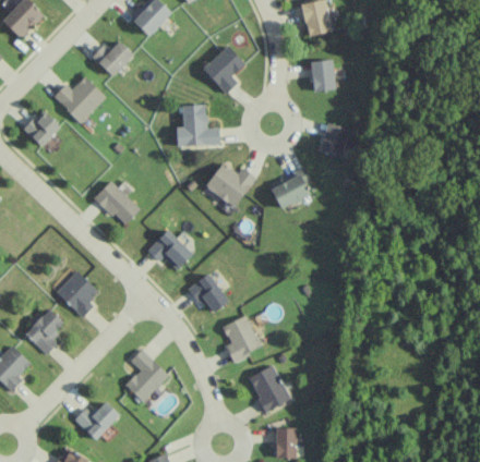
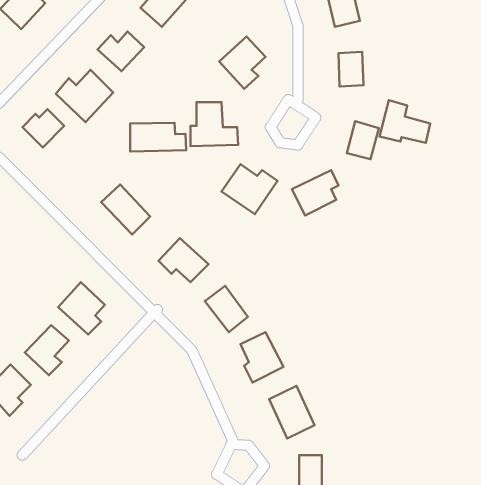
building: none -> [379,100,430,143]
building: none -> [130,123,186,152]
building: [124,349,168,402] -> none
building: [73,402,119,441] -> none

